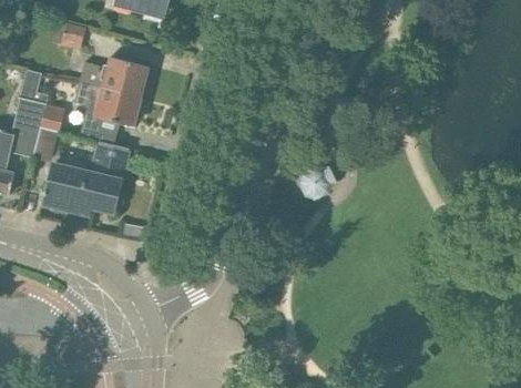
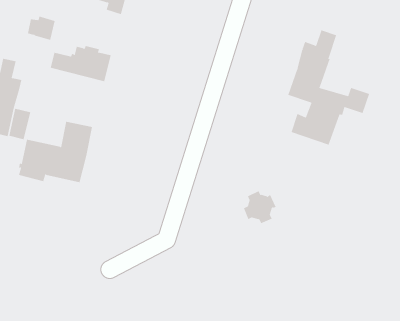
building: none -> [287,30,370,145]
building: [75,81,142,130] -> none
building: [297,163,335,201] -> [243,190,276,224]

